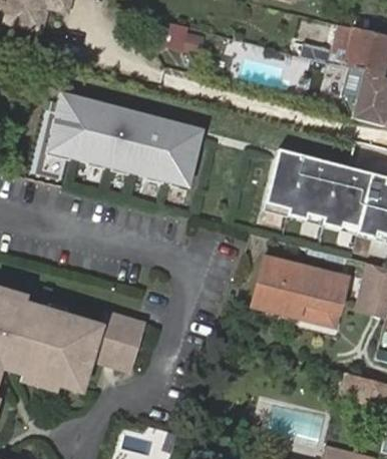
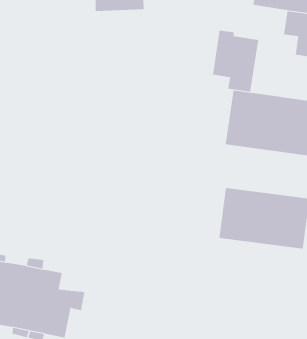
building: none -> [213,30,259,92]
building: [48,92,206,185] -> none
building: [73,313,134,374] -> none

